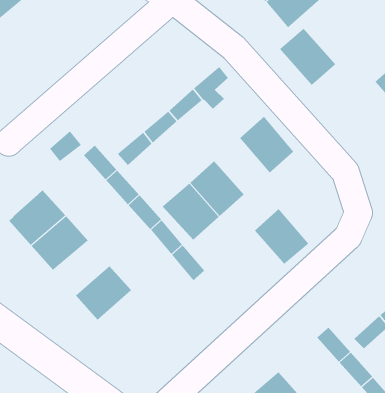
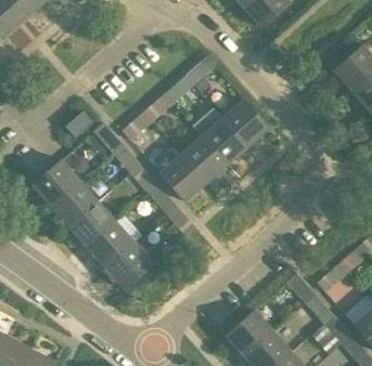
building: [279,28,336,86] -> none
building: [254,208,309,265] -> [202,117,247,164]
building: none -> [68,201,115,247]
building: none -> [105,243,153,289]

